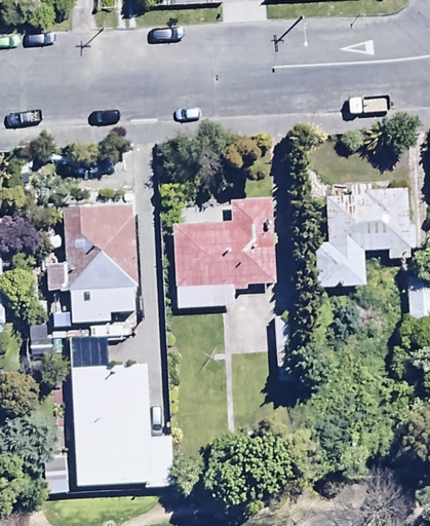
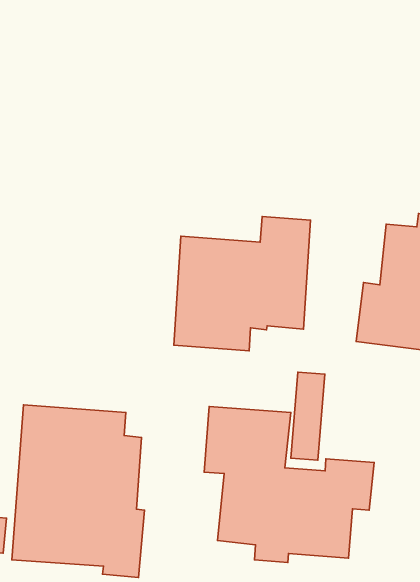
building: [45,202,139,324] -> none
building: none -> [204,406,374,562]

